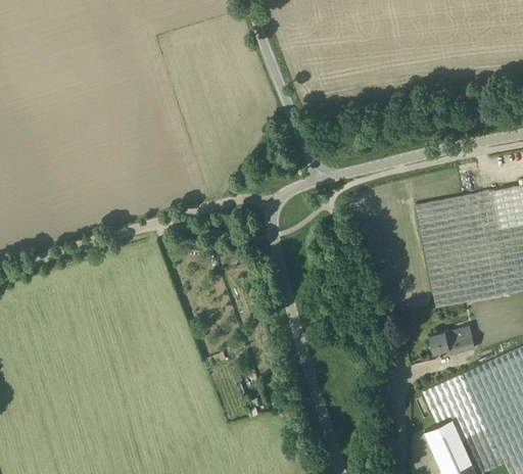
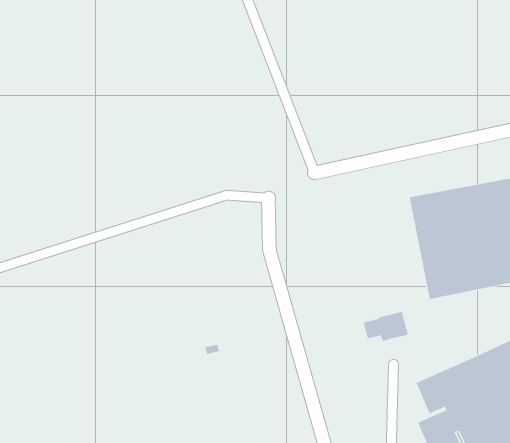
building: [430,325,476,356] -> [363,311,409,342]

